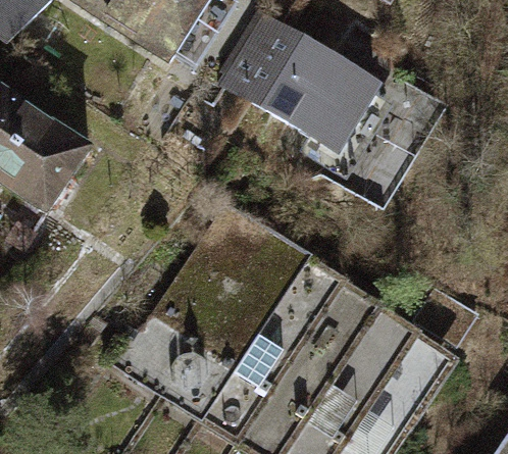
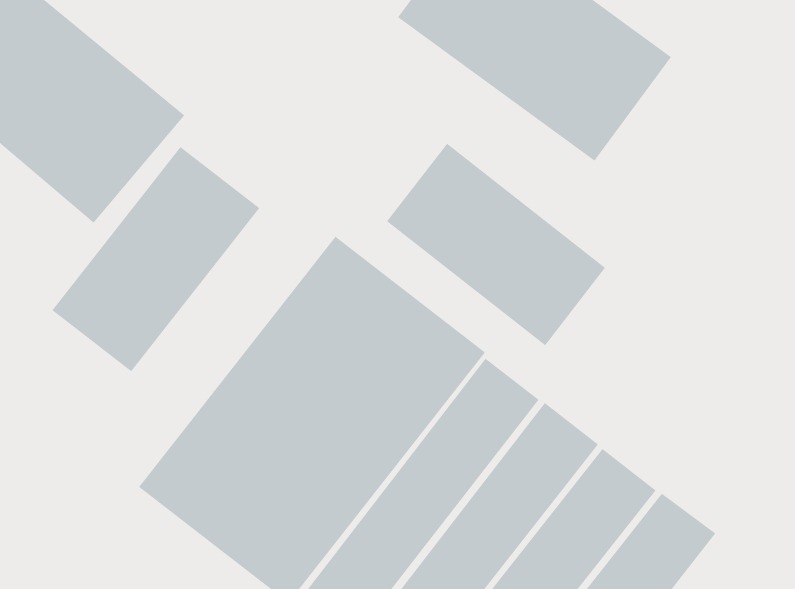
building: none -> [386,143,606,346]
building: none -> [52,146,260,372]

